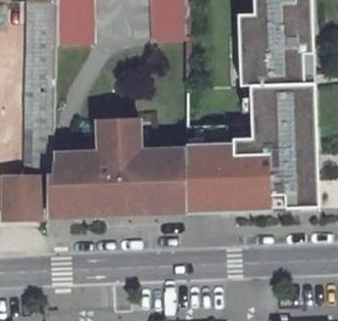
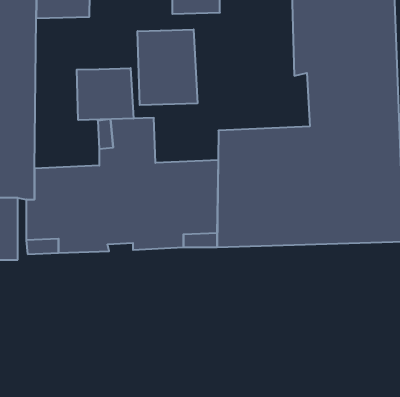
building: none -> [138,29,197,105]
building: none -> [77,68,134,120]

